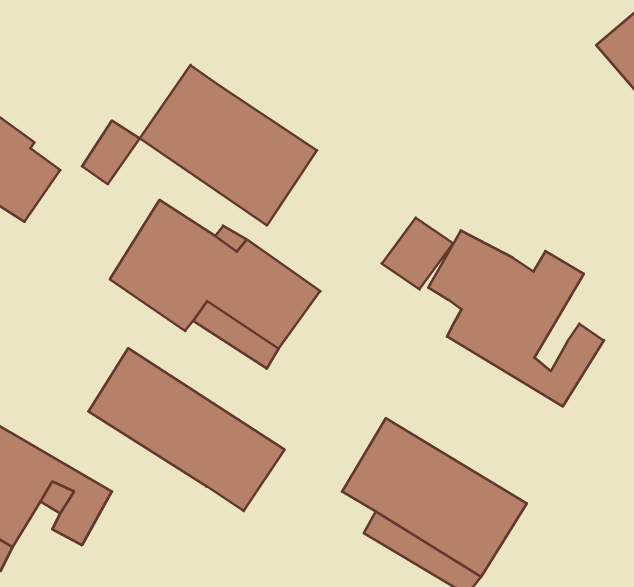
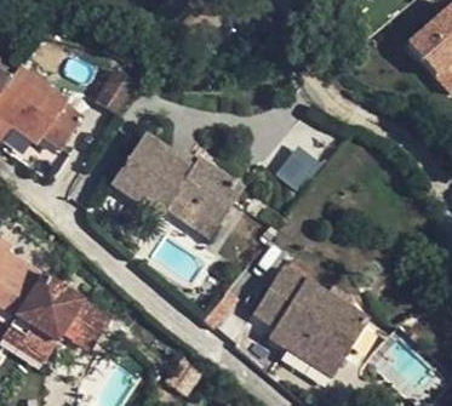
building: [140,65,317,225] -> none
building: [428,230,604,406] -> none
building: [88,348,284,511] -> none

